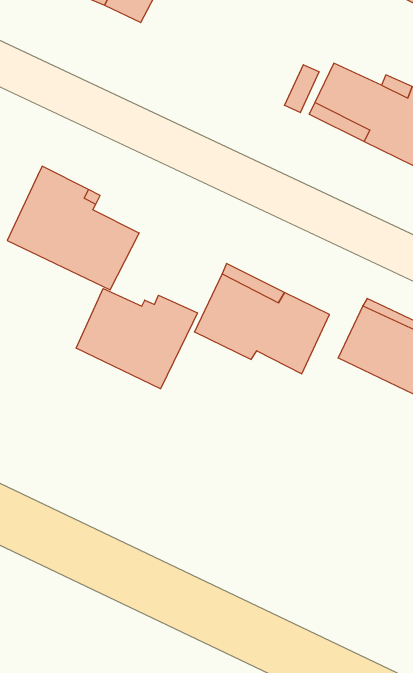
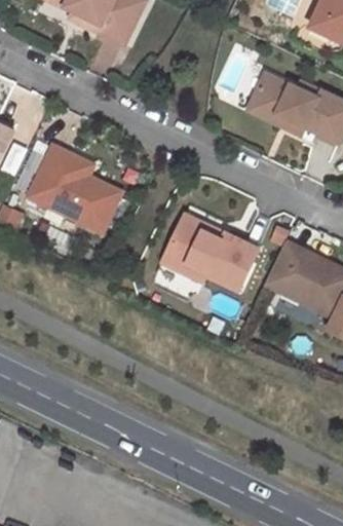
building: [76,289,197,389] -> none

